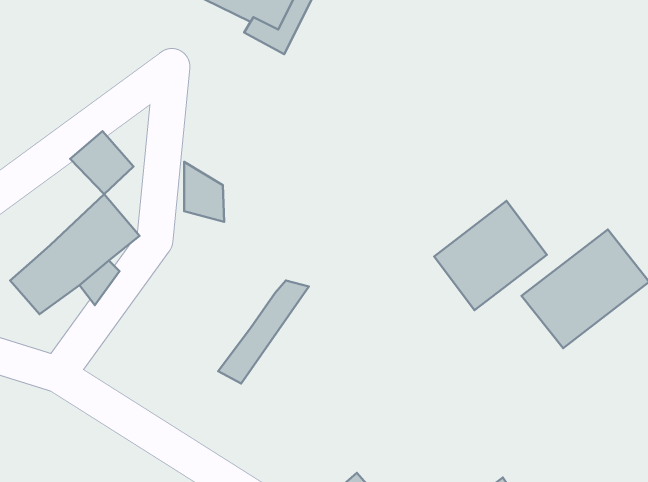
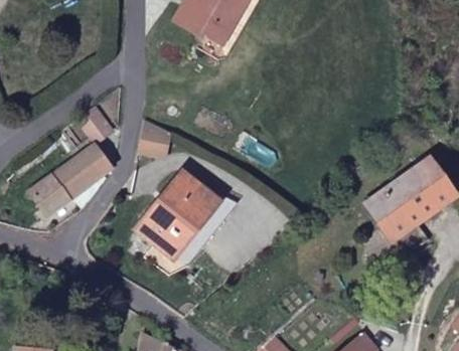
building: [434,201,547,310] -> none
building: none -> [137,179,210,254]

